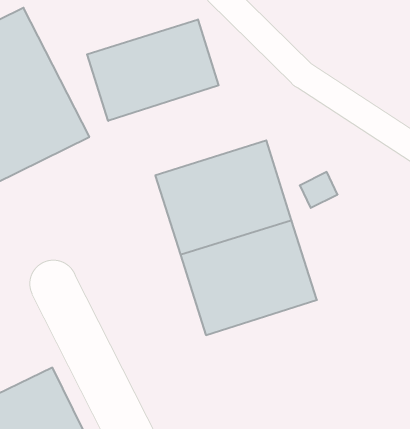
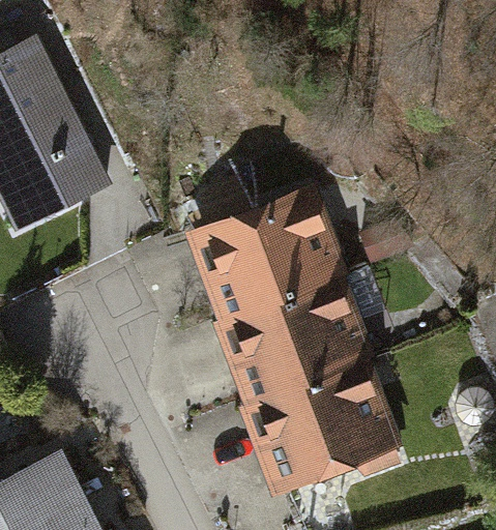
building: [87,19,219,121] -> none
building: none -> [250,367,406,500]

